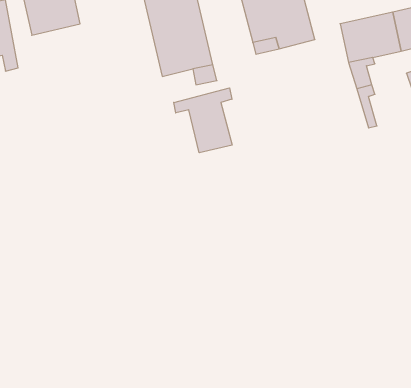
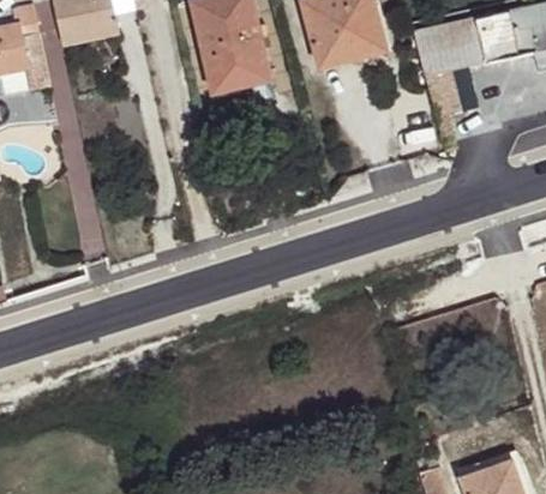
building: [174,88,232,153] -> none

